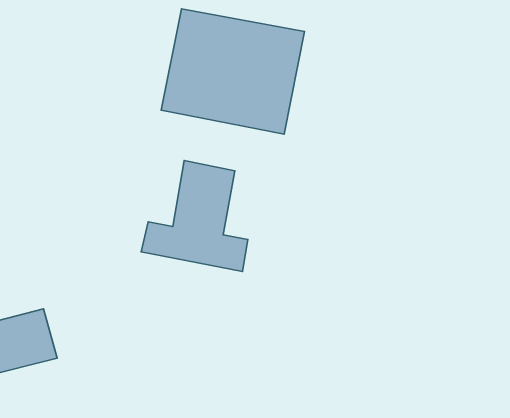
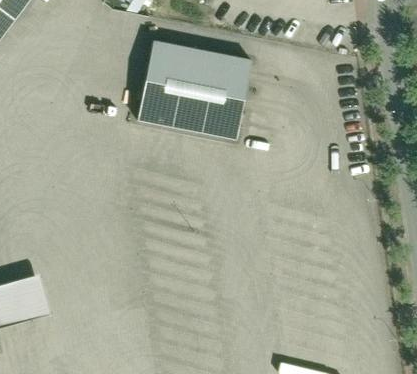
building: [141,160,248,272] -> none

